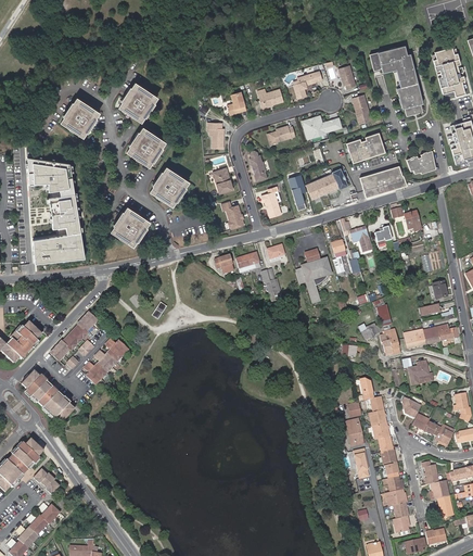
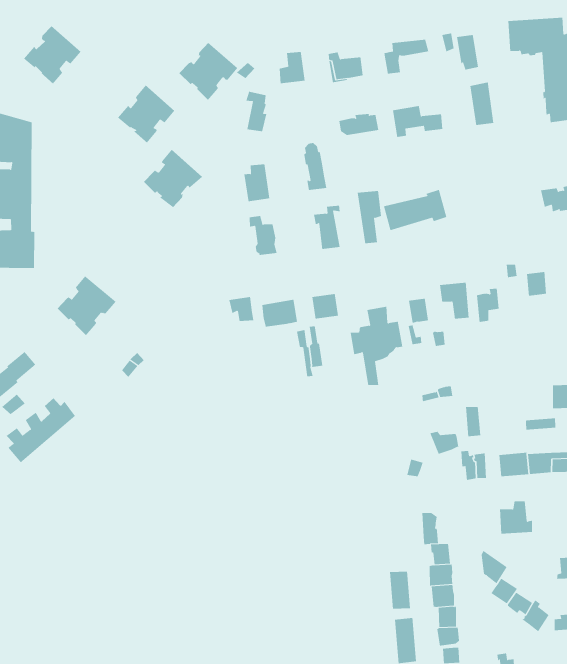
building: [117,84,155,122] -> [179,42,238,101]
building: [345,134,384,164] -> none
building: [359,166,405,199] -> none
building: [110,207,148,247] -> [57,276,116,336]

